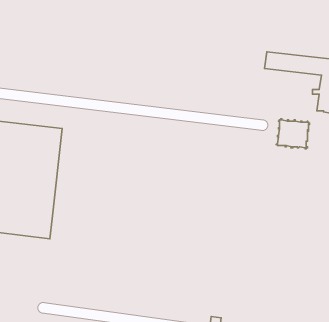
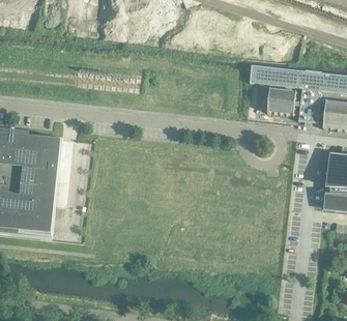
building: [276,119,310,149] -> [266,87,297,115]

